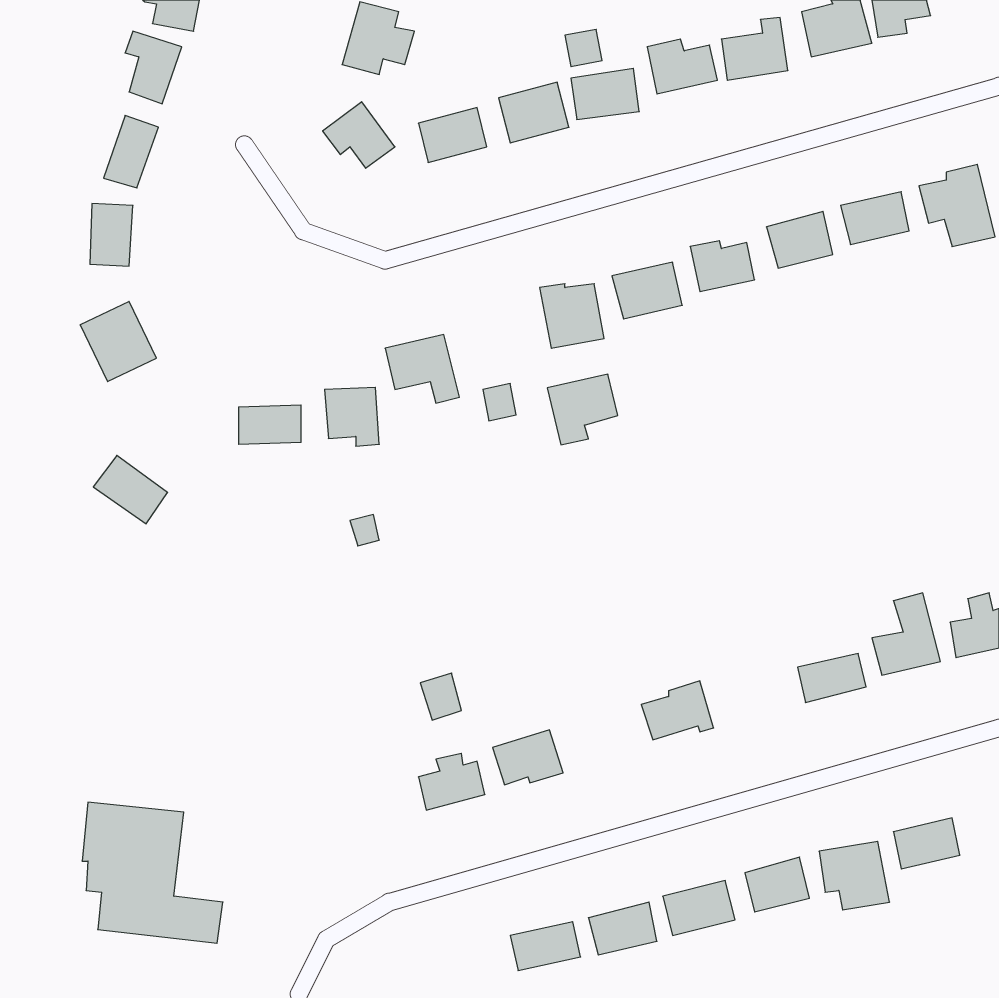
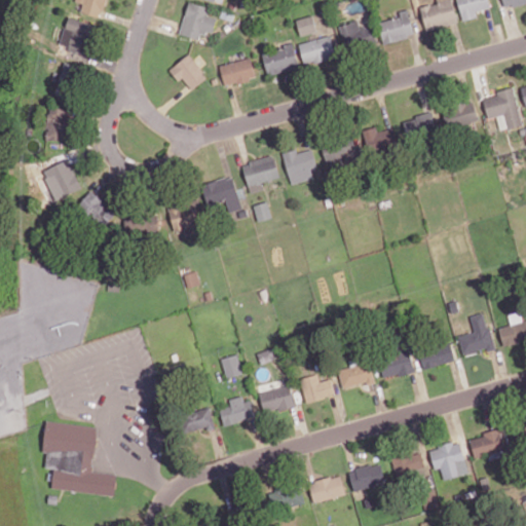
building: [547,374,618,445] -> [242,156,279,193]
building: [93,455,168,524] -> [77,192,116,228]
building: none -> [380,350,414,378]
building: none -> [300,375,335,403]
building: none -> [181,409,215,435]

